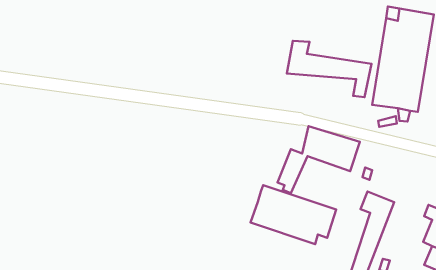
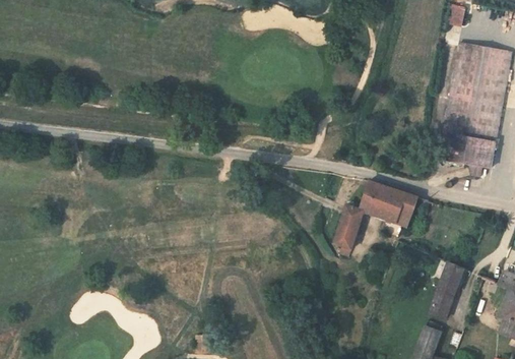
building: [287,41,372,97] -> none
building: [250,185,336,244] -> none

